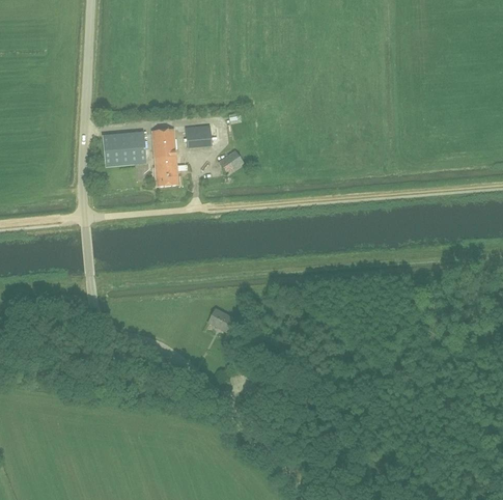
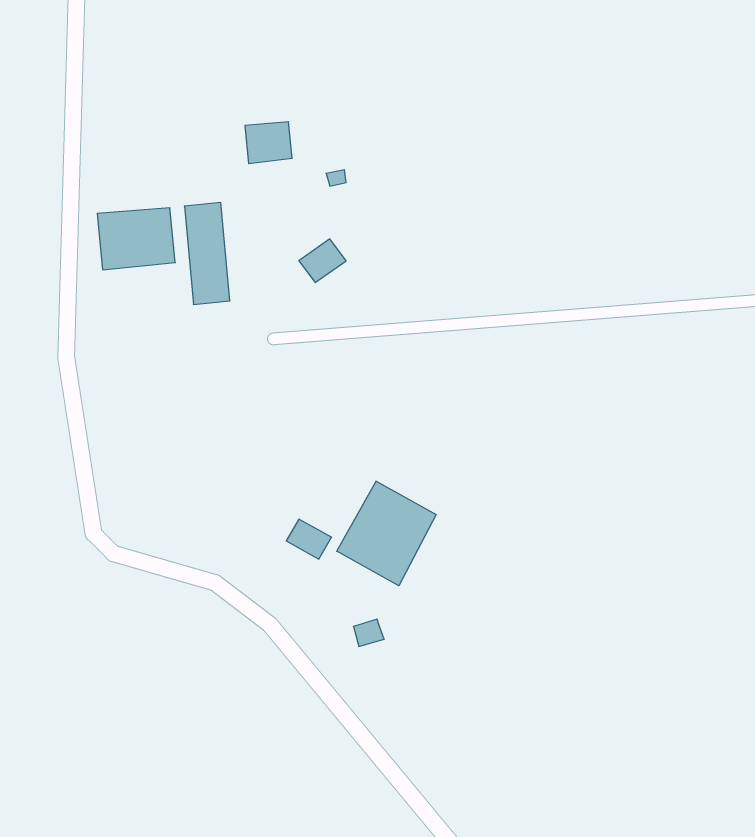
building: [185,124,212,148] -> [245,122,292,164]
building: none -> [337,481,436,586]

